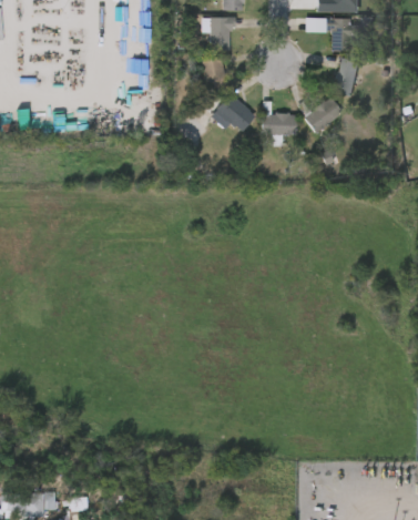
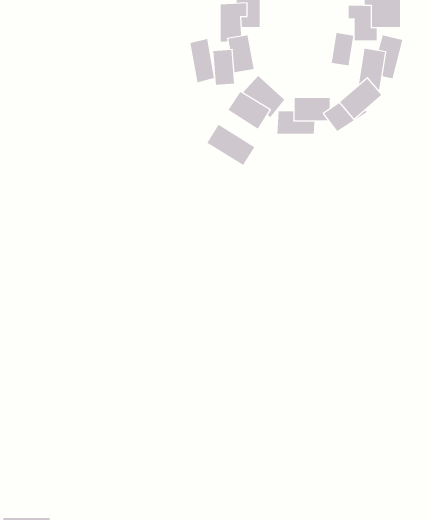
building: none -> [331,32,354,66]
building: none -> [190,38,215,83]
building: none -> [207,124,255,166]

